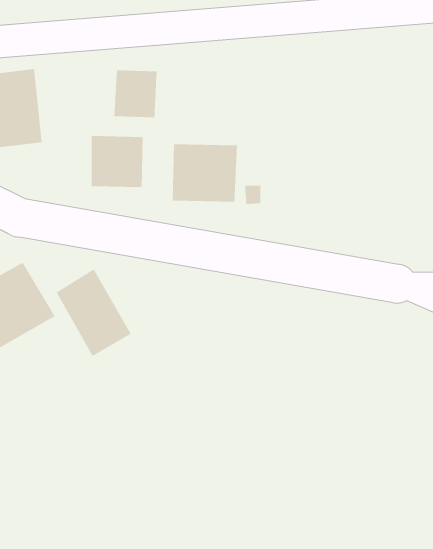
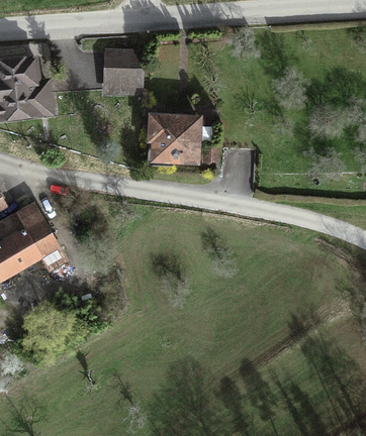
building: [91,135,143,188] -> none
building: [56,269,131,357] -> none

